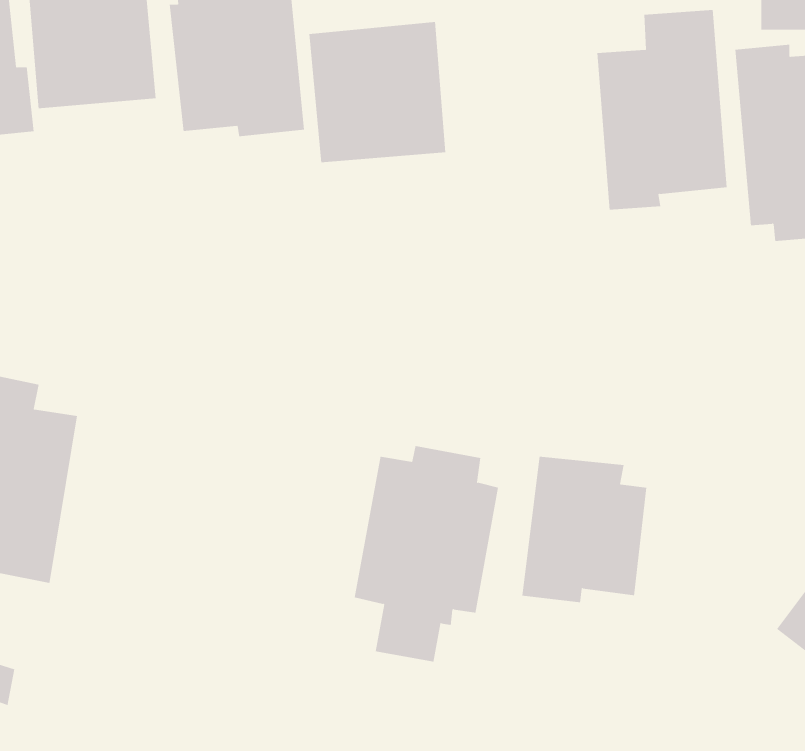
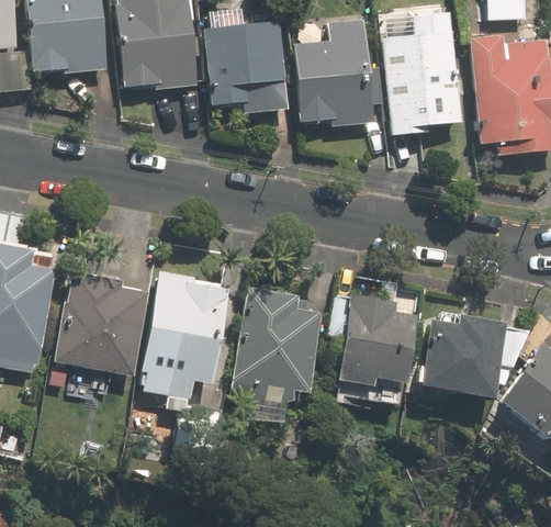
building: none -> [294,19,382,127]
building: none -> [136,267,227,414]
building: none -> [55,277,146,374]
building: none -> [411,310,506,397]

